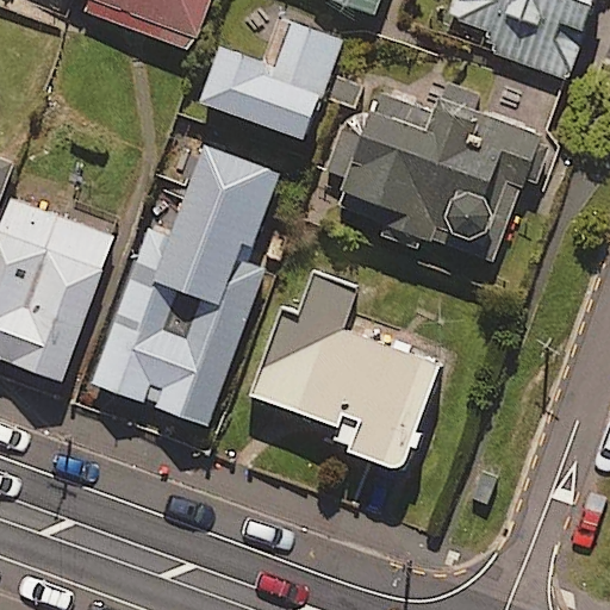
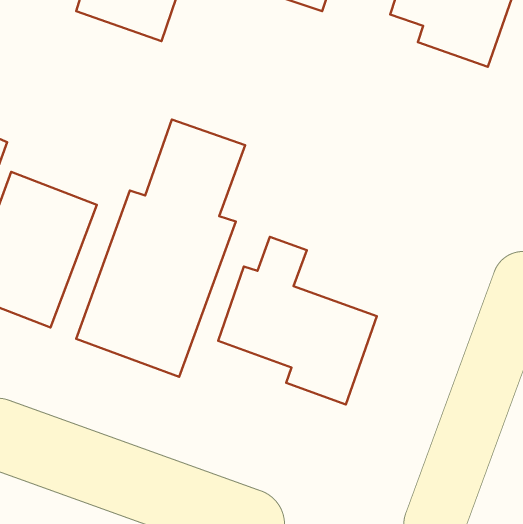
building: [199,23,338,138] -> none
building: [323,93,539,261] -> none

